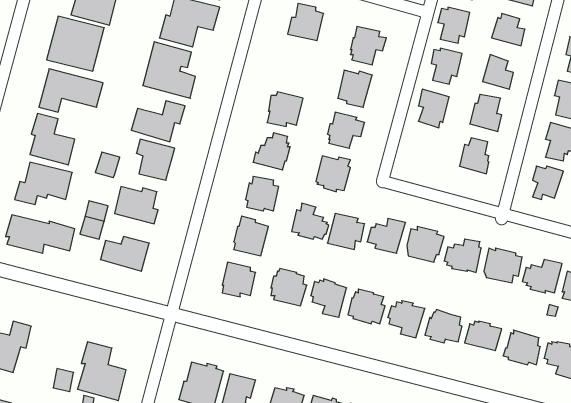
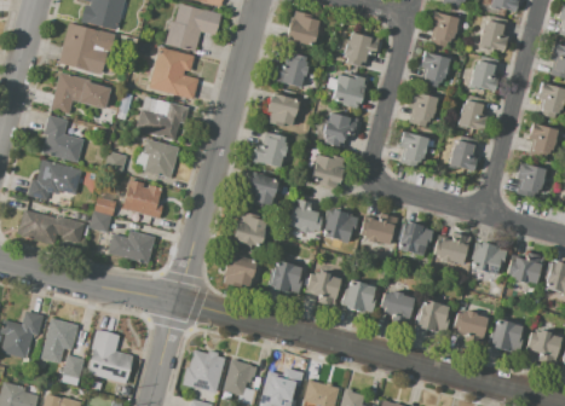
building: none -> [275,52,310,87]
building: none -> [399,130,428,168]
building: none -> [41,317,79,362]

